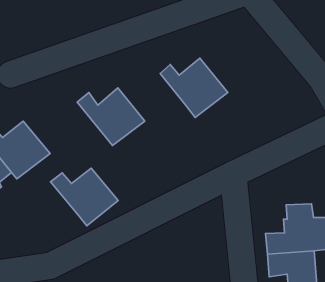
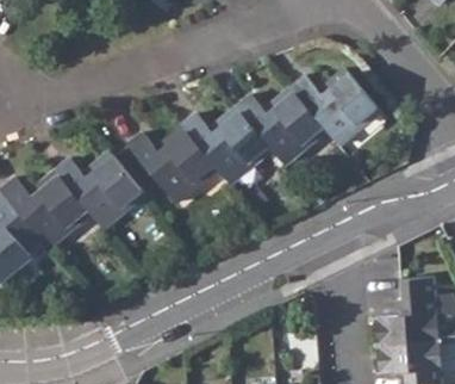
building: none -> [288,68,379,145]
building: none -> [180,106,270,182]
building: [51,168,118,226] -> [55,151,144,228]

